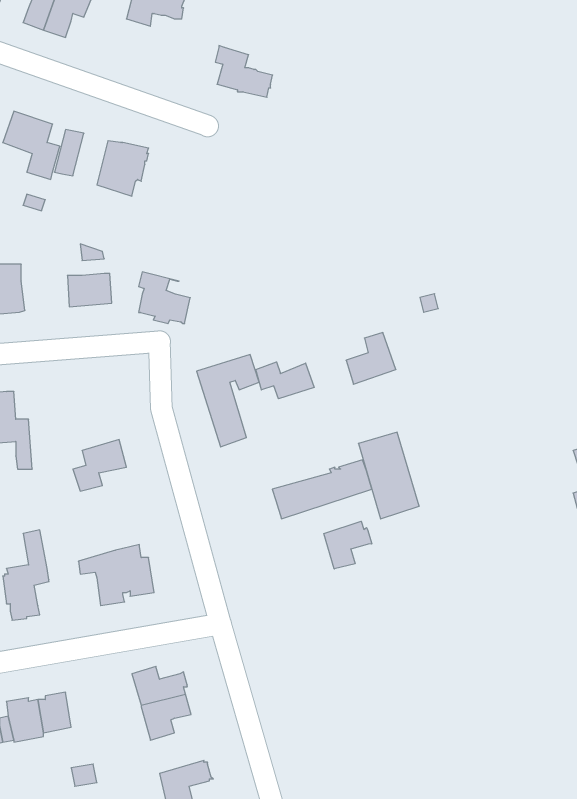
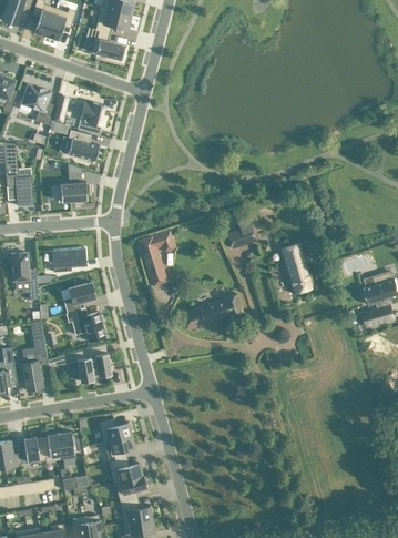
building: [215,46,273,97] -> [90,28,124,59]
building: [139,272,190,324] -> [68,130,99,161]
building: [256,362,314,399] -> none
building: none -> [52,247,86,272]
building: [358,432,419,519] -> [278,243,315,295]
building: none -> [65,308,105,341]
building: [324,521,372,569] -> none
building: none -> [59,432,80,460]
building: none -> [110,458,142,483]

